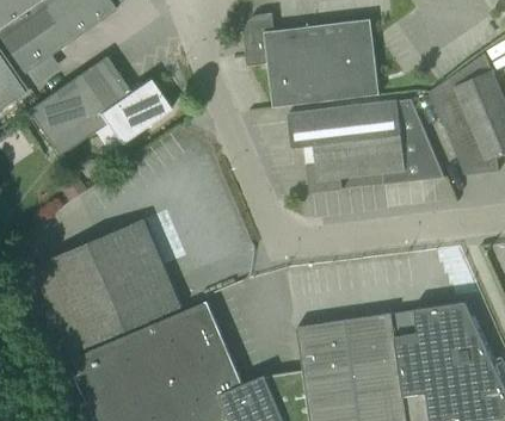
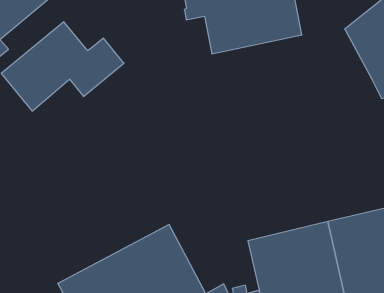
building: [288,98,445,193] -> none
building: [35,218,183,353] -> none

